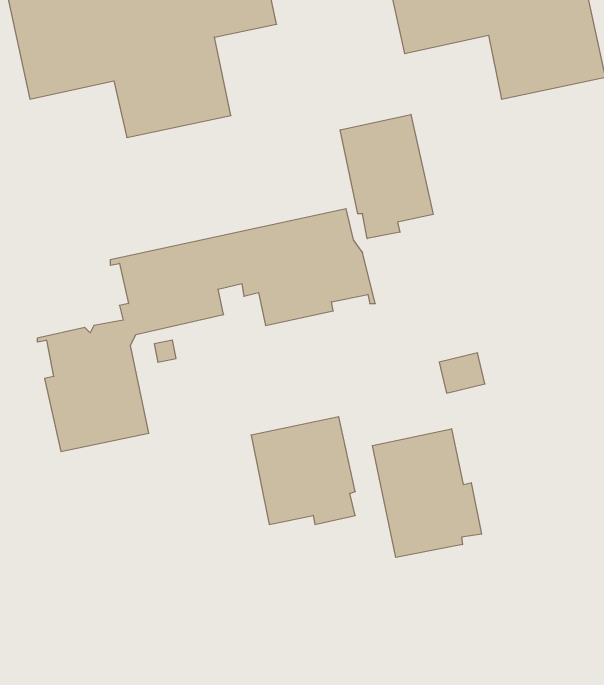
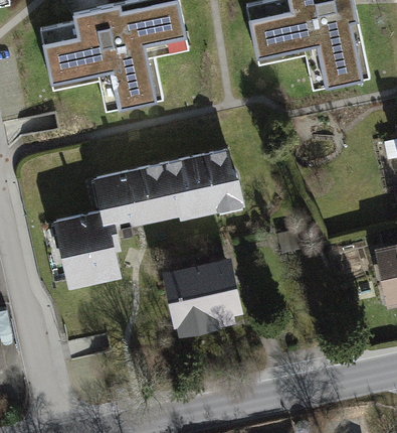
building: [340,114,433,239] -> none
building: [372,429,481,557] -> none

